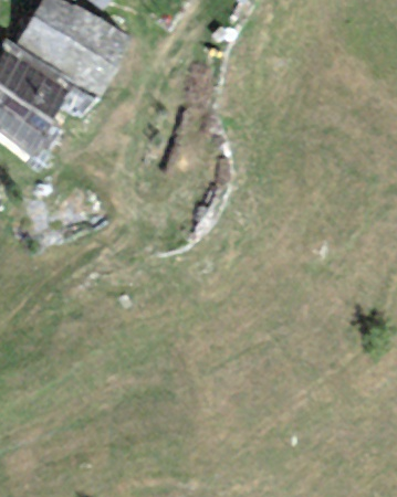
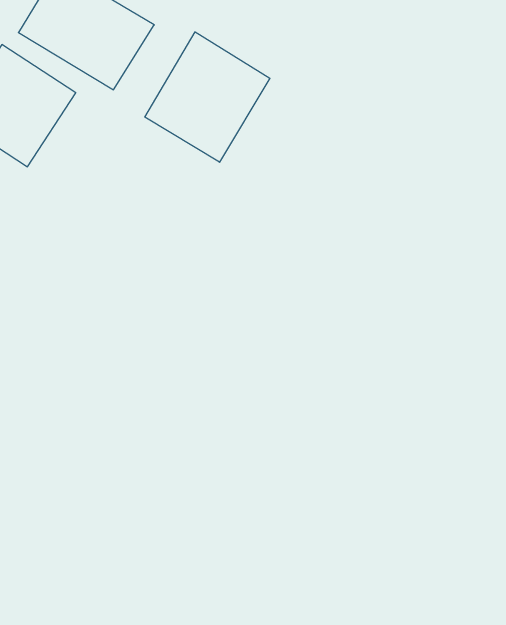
building: none -> [145,32,270,162]

